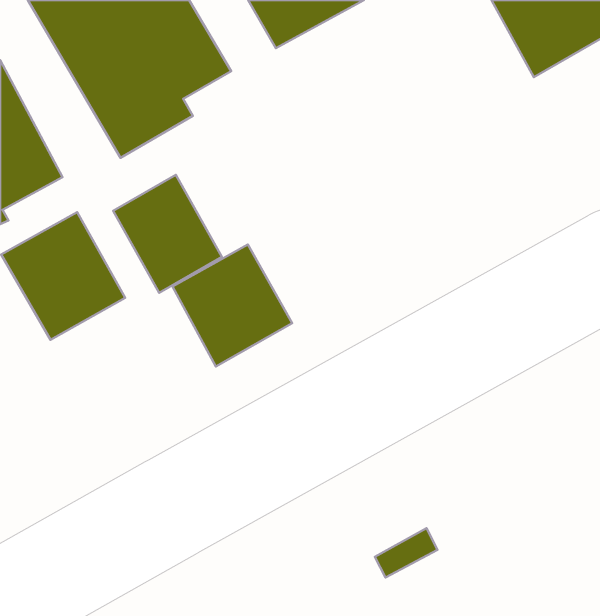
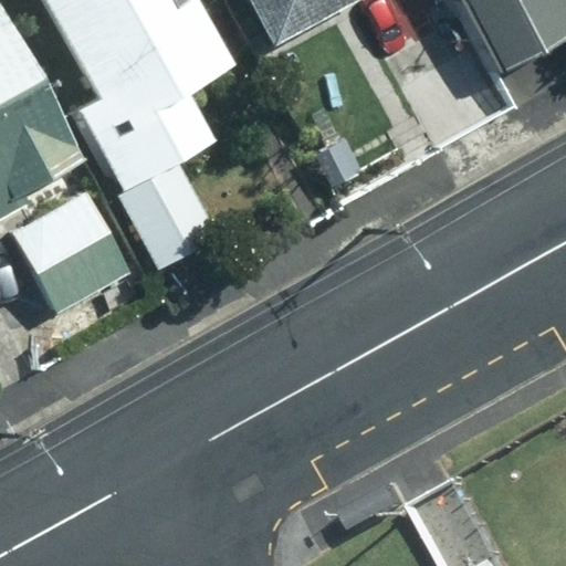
building: [172,244,292,366] -> none

